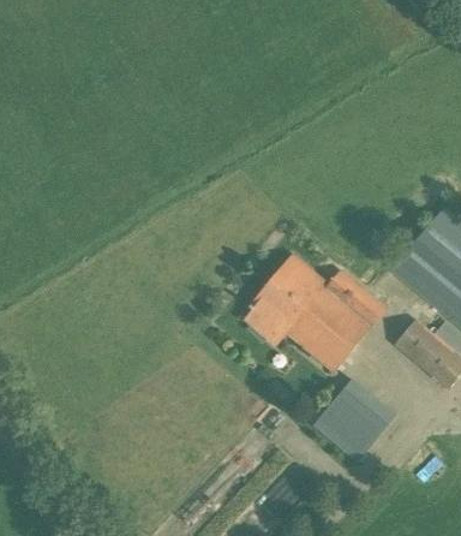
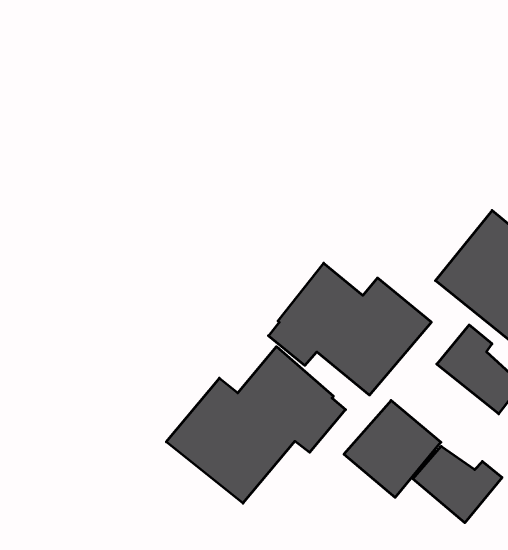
building: none -> [166,347,346,503]
building: none -> [413,446,502,523]

